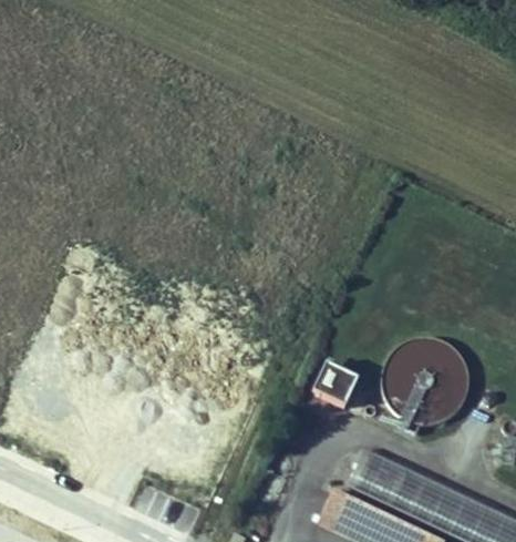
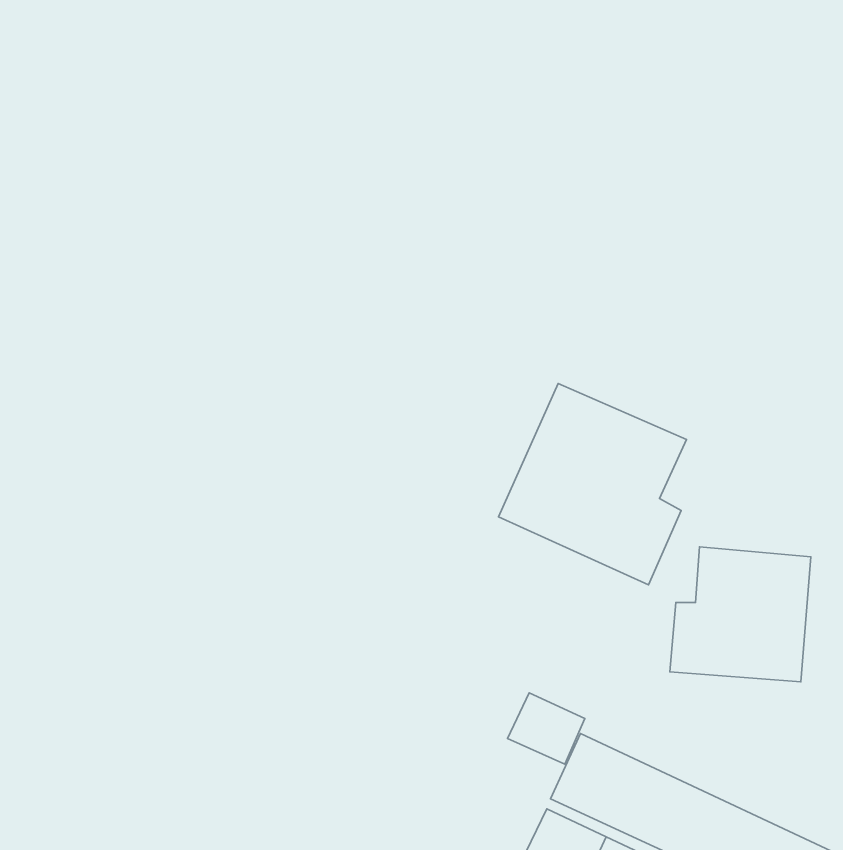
building: none -> [498,383,687,585]
building: [310,370,353,410] -> [507,693,585,764]

